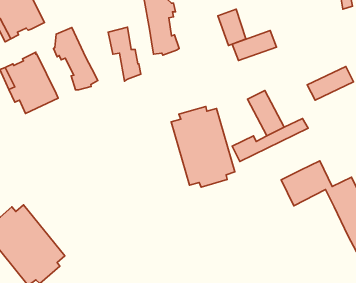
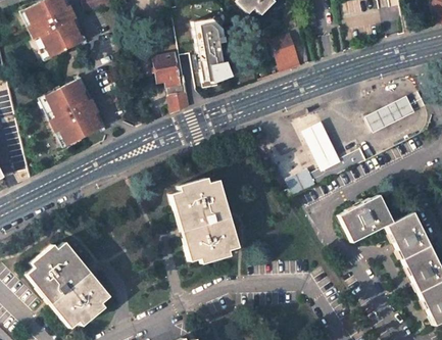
building: [53,28,98,90] -> none
building: [232,31,276,61] -> none
building: [171,107,235,187] -> [171,178,239,263]

